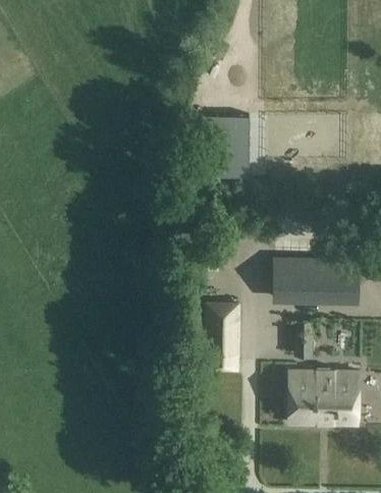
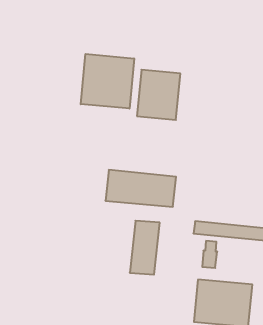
building: none -> [81,54,134,109]
building: [273,255,359,294] -> [105,170,176,207]

